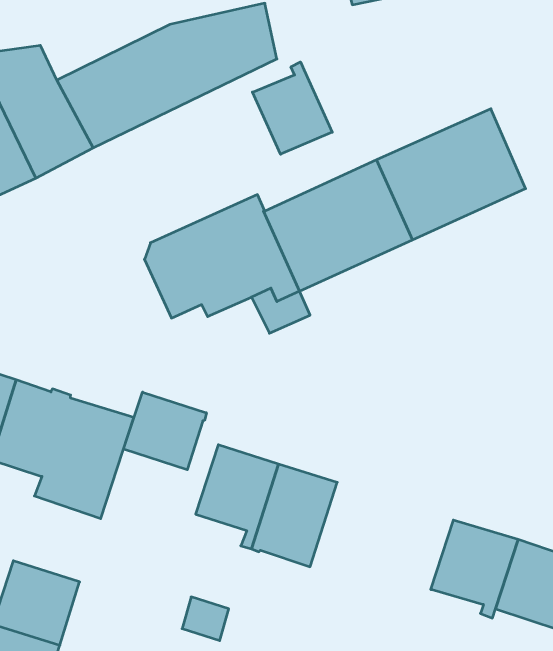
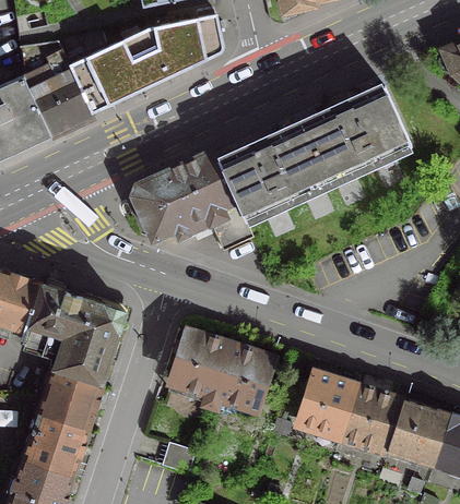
building: [252,62,332,154] -> none
building: [123,392,206,470] -> none
building: none -> [36,368,99,430]
building: none -> [296,371,355,441]

